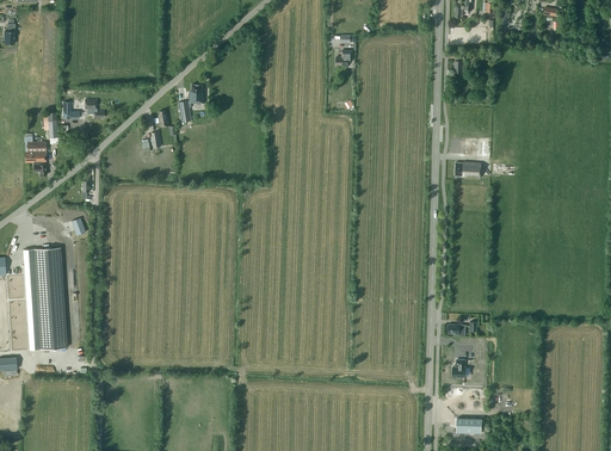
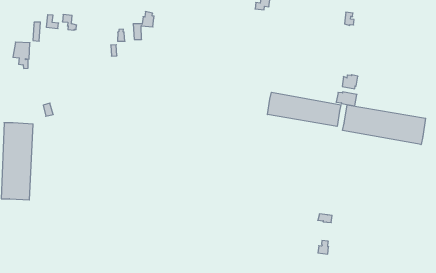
building: none -> [267,92,341,126]
building: none -> [343,105,426,145]

